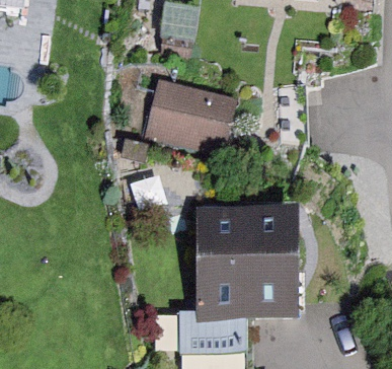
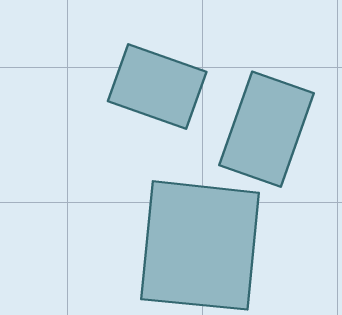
building: none -> [219,71,314,187]

